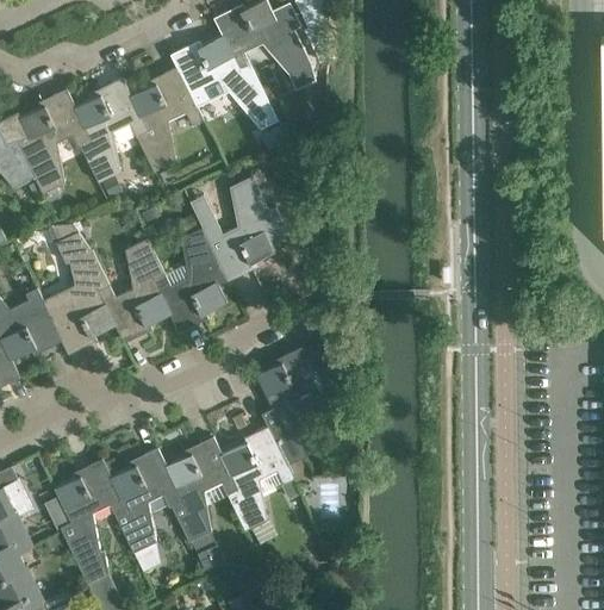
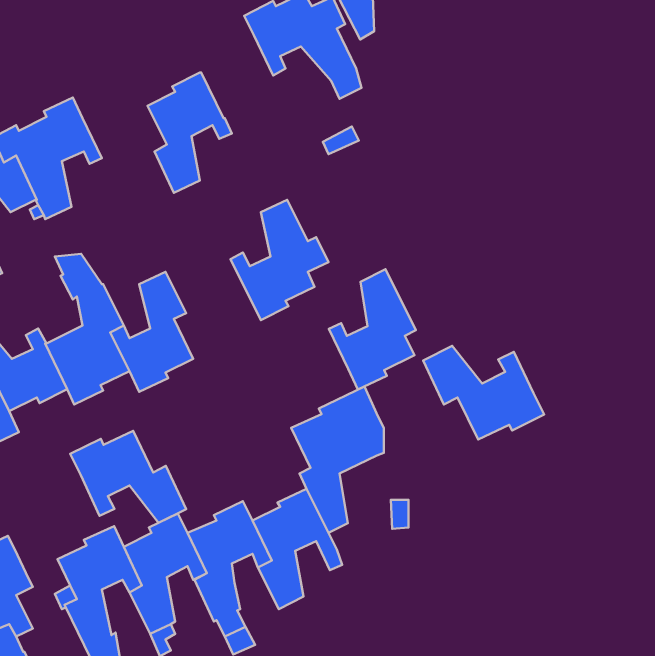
building: [169,36,276,129] -> none
building: [74,79,147,182] -> none
building: [152,229,228,332] -> [329,269,416,390]
building: none -> [423,346,544,440]
building: none -> [70,431,186,523]

